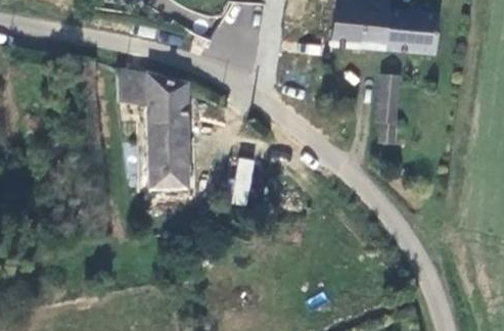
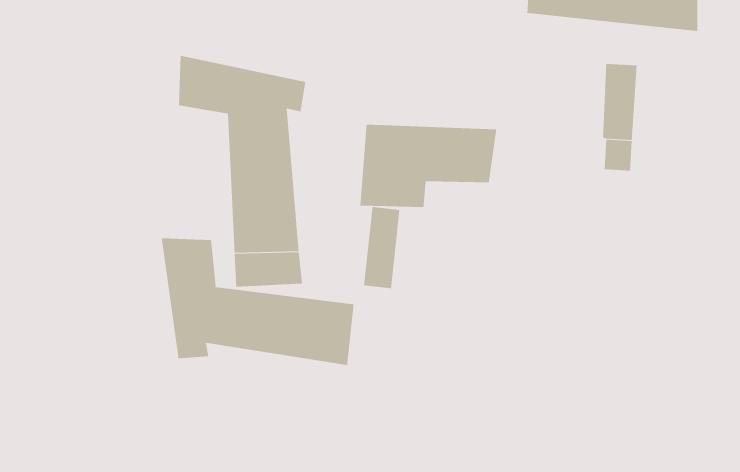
building: none -> [360,124,497,208]
building: none -> [161,237,354,366]

